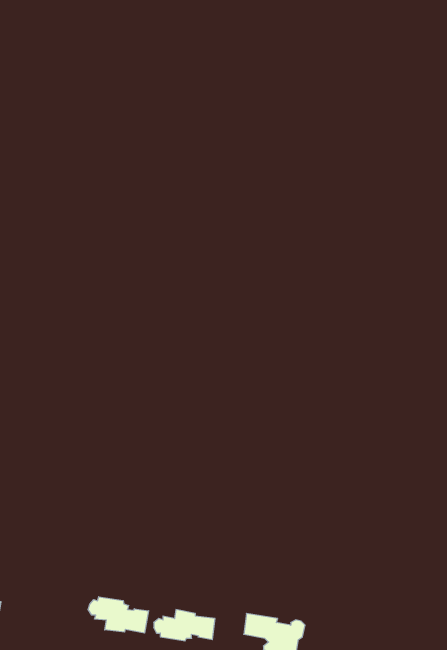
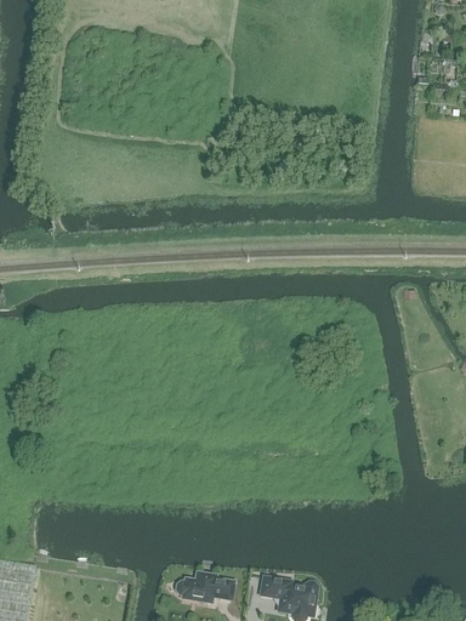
building: [88,597,149,633] -> none

